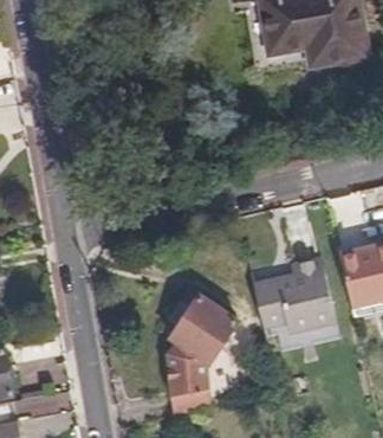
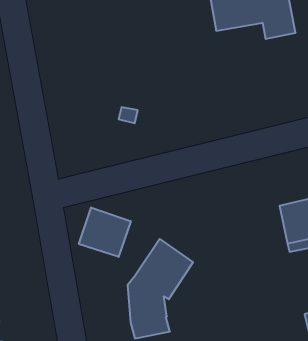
building: [254,257,340,349] -> none
building: none -> [79,207,131,257]

